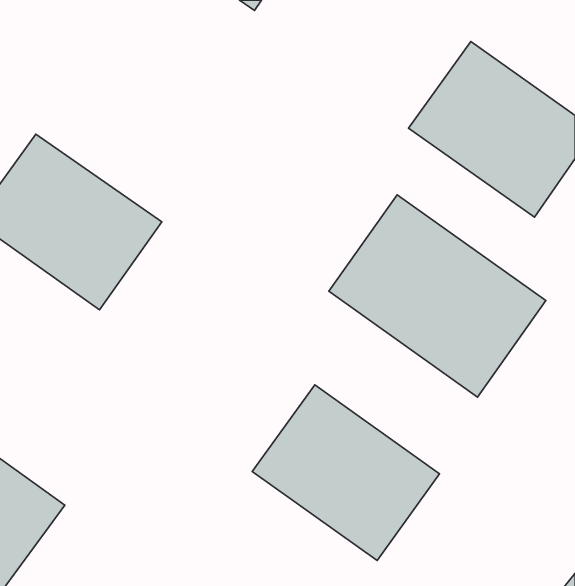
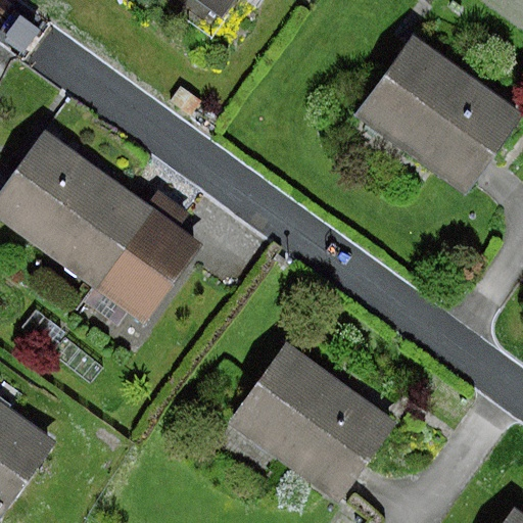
building: [329,195,546,397] -> none
building: none -> [88,200,201,320]

